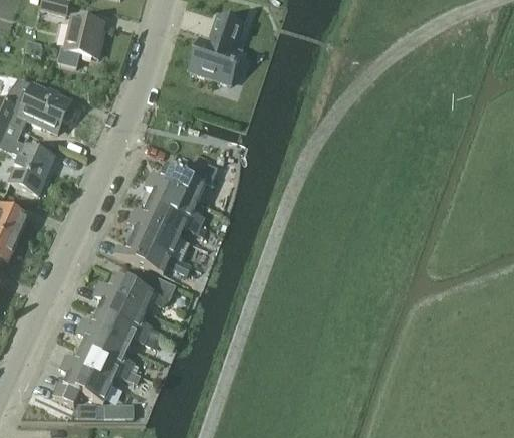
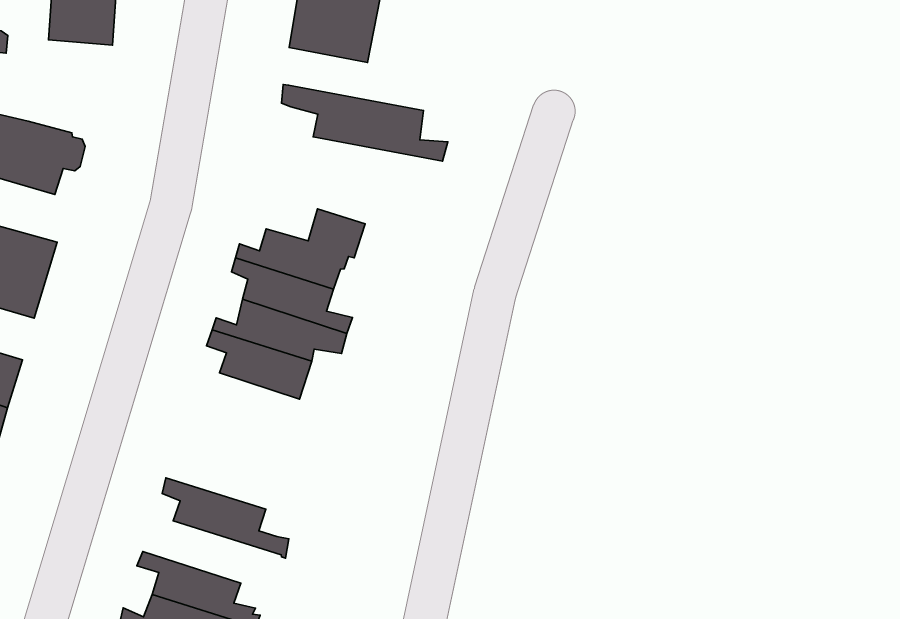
building: none -> [282,84,448,161]
building: [113,235,172,272] -> none
building: [96,270,176,309] -> none
building: [79,309,152,347] -> none

